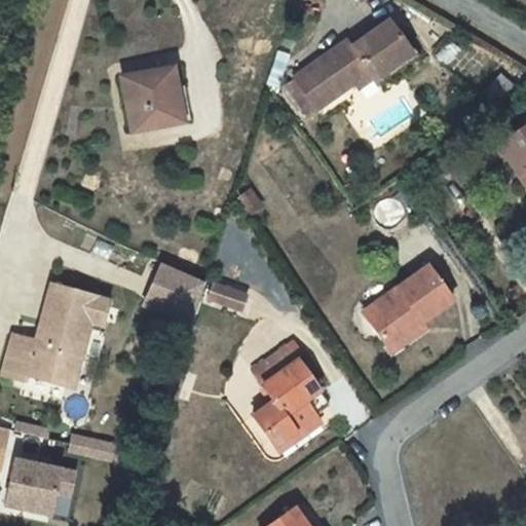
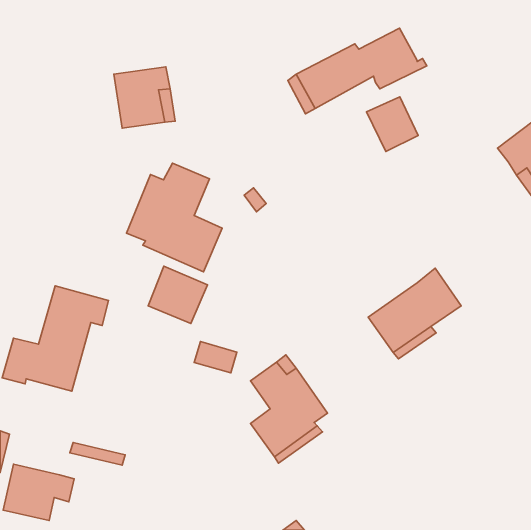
building: none -> [367,97,418,151]
building: none -> [126,163,222,272]
building: [206,276,249,307] -> [194,342,237,373]

